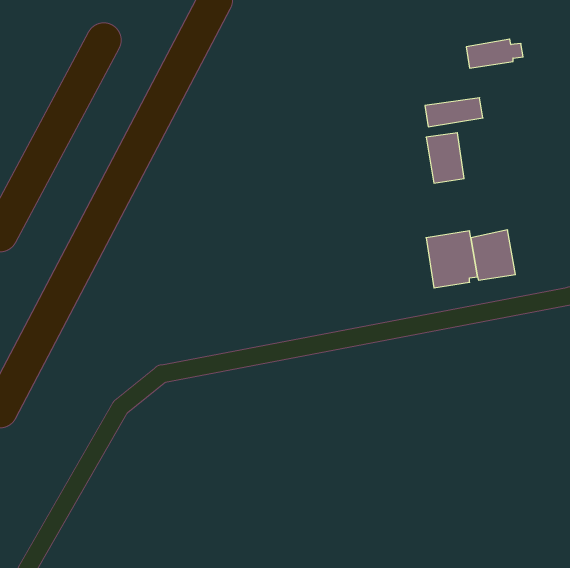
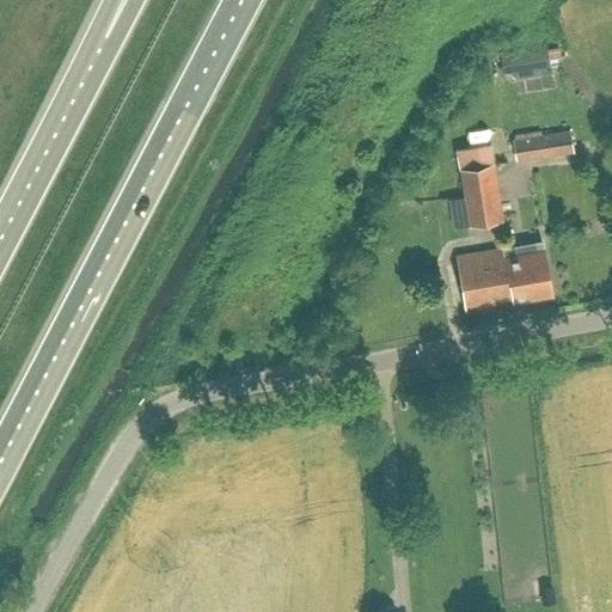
building: [425,98,483,127] -> [510,131,573,163]
building: none -> [465,194,502,227]

